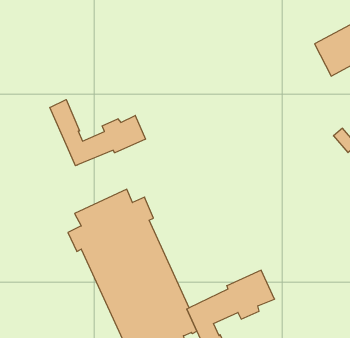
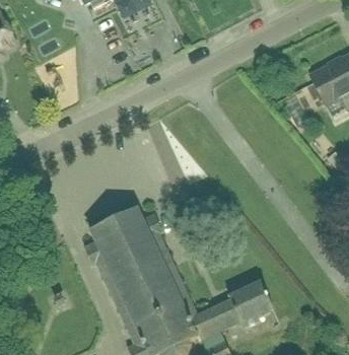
building: [50,100,145,166] -> none

